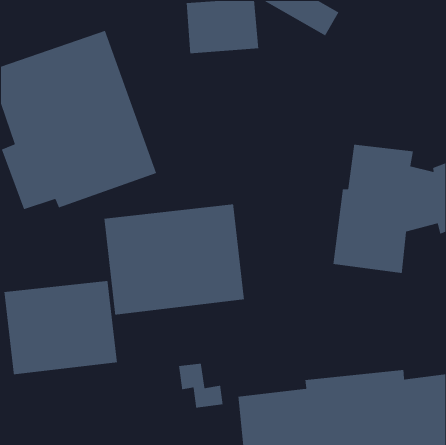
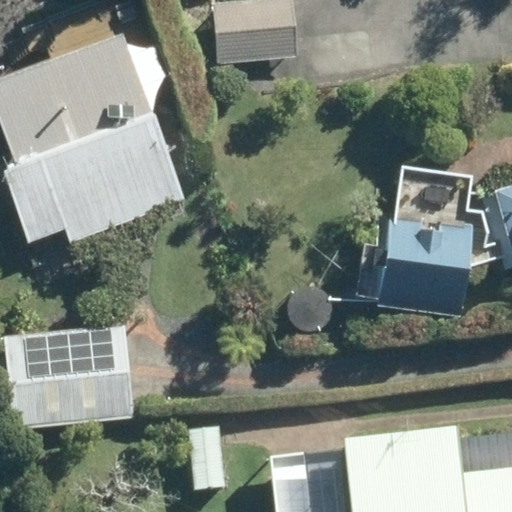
building: [103,203,245,315] -> none

